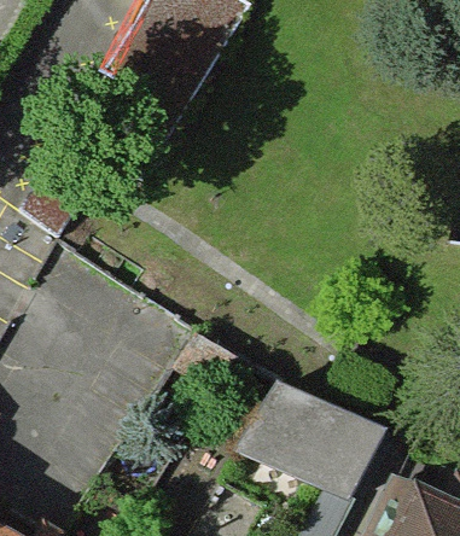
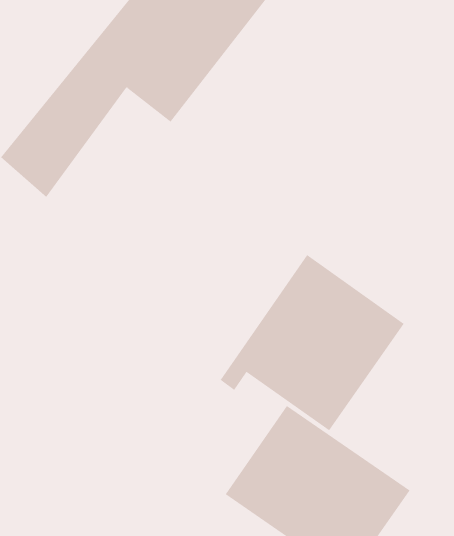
building: none -> [220,254,404,431]

